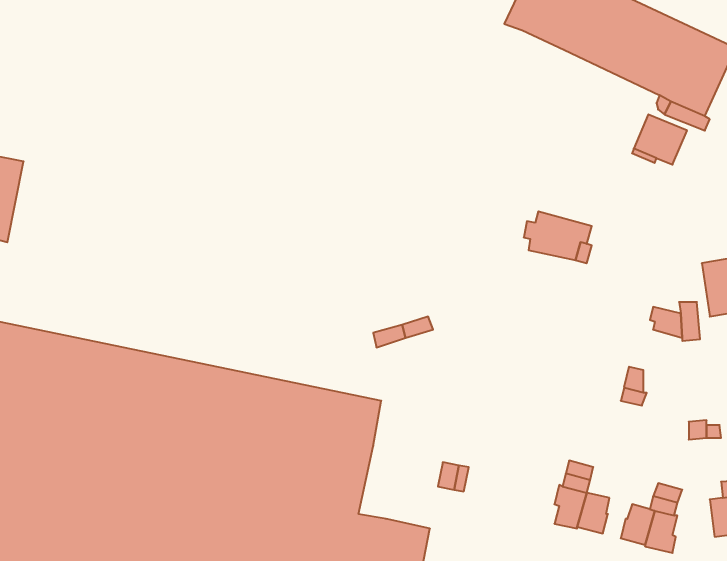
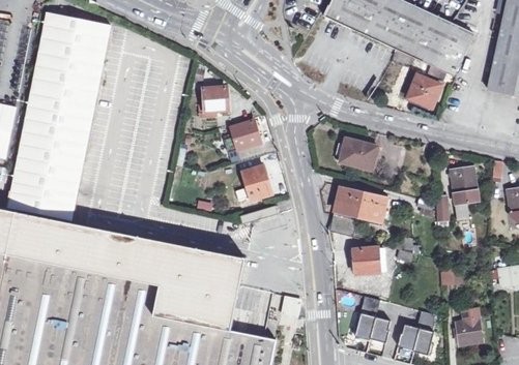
building: none -> [8,10,110,217]
building: none -> [201,87,226,117]
building: none -> [224,119,261,151]
building: none -> [242,165,269,199]
building: none -> [328,185,386,236]
building: none -> [351,246,385,273]

